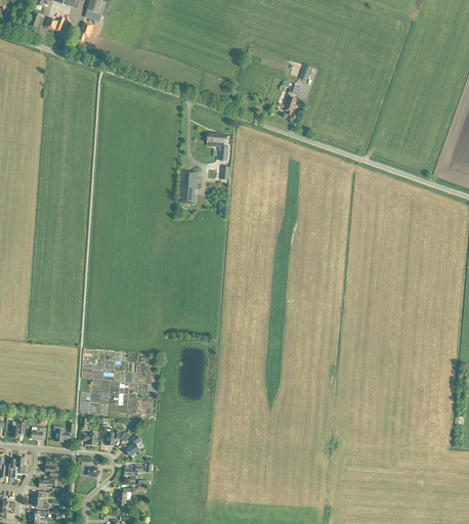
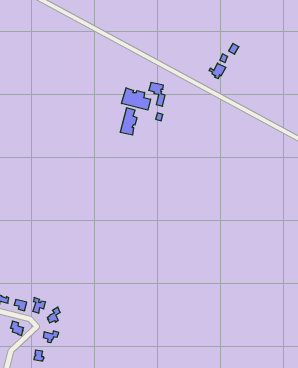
building: none -> [122,88,151,110]

